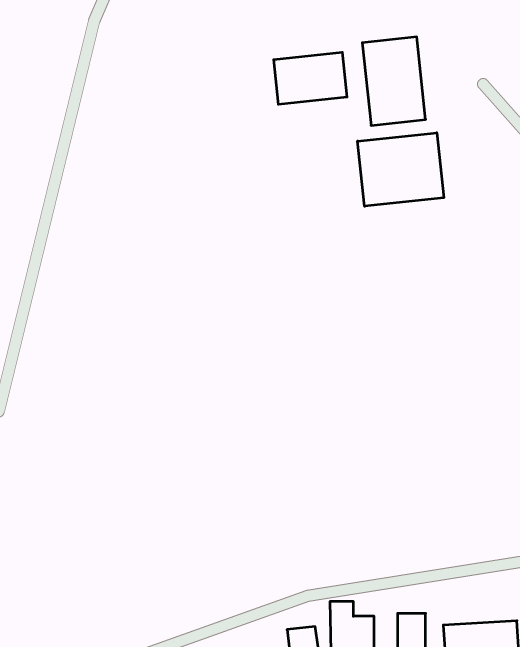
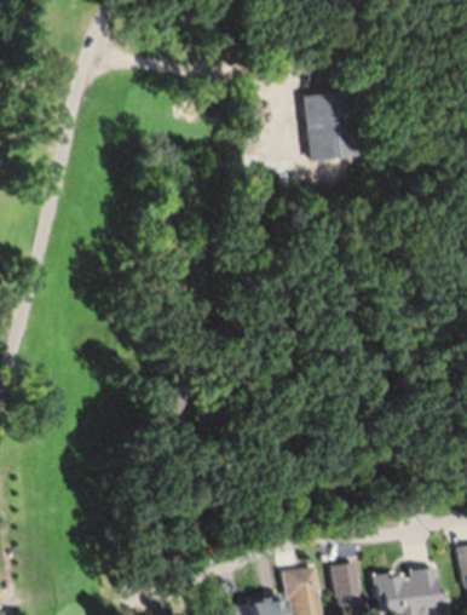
building: [274,52,347,104] -> none
building: [358,133,444,206] -> none

